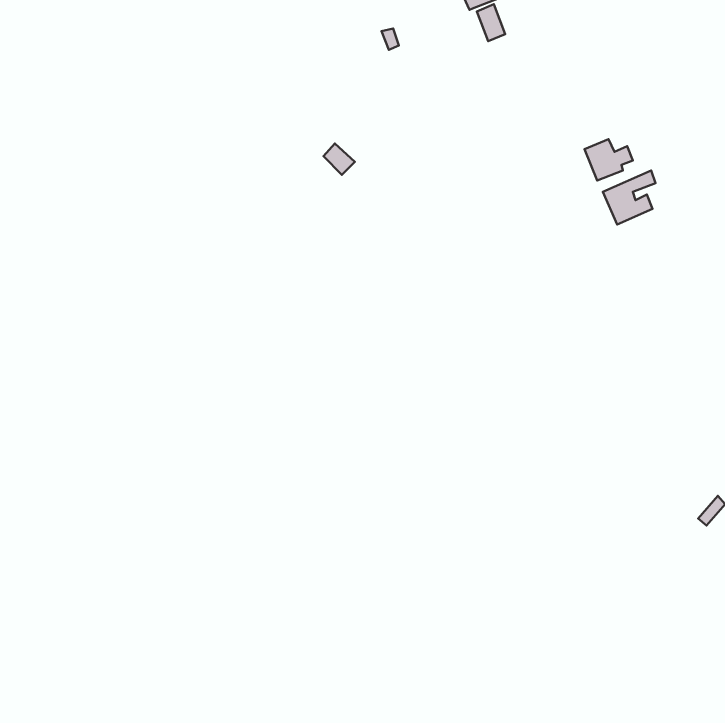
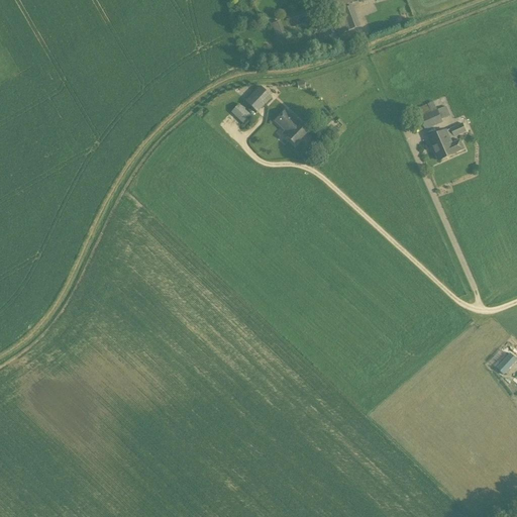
building: none -> [244,84,272,111]
building: none -> [275,108,308,143]

